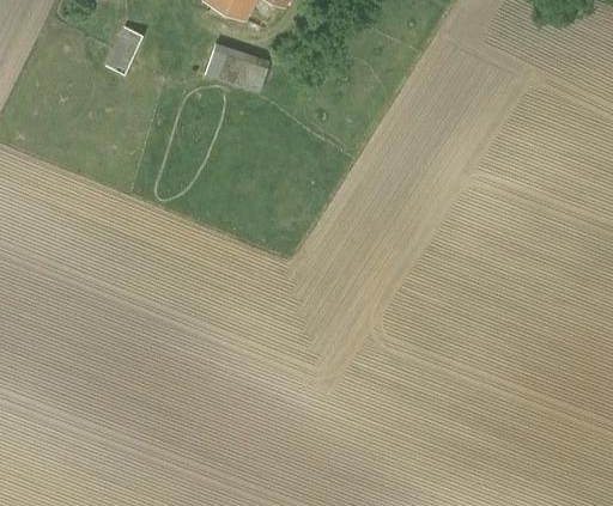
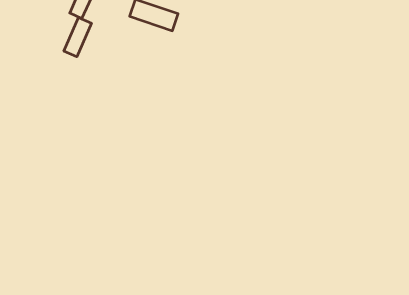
building: none -> [64,18,91,57]

